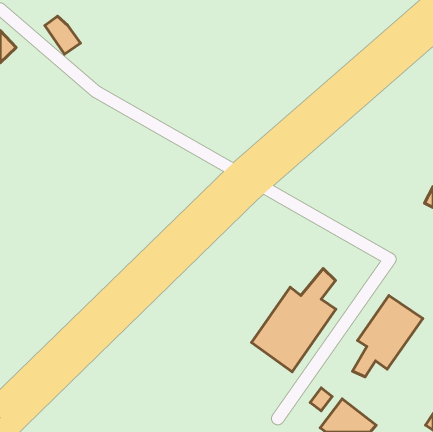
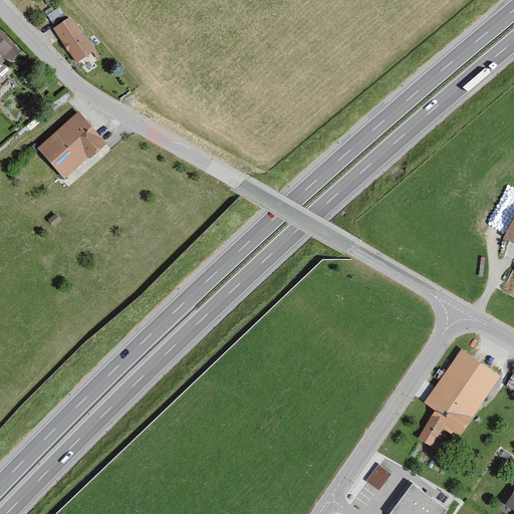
building: none -> [37,113,105,180]
building: [252,268,336,372] -> none

